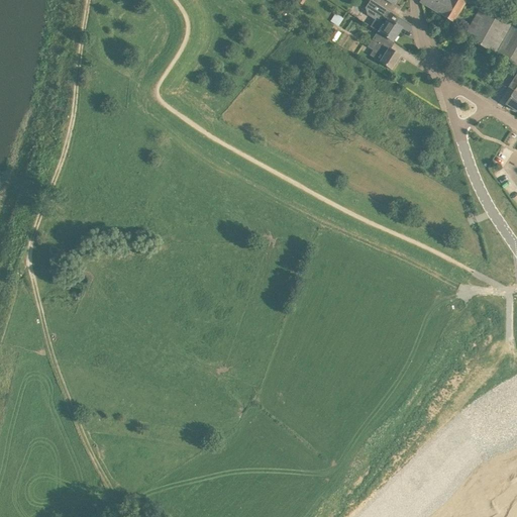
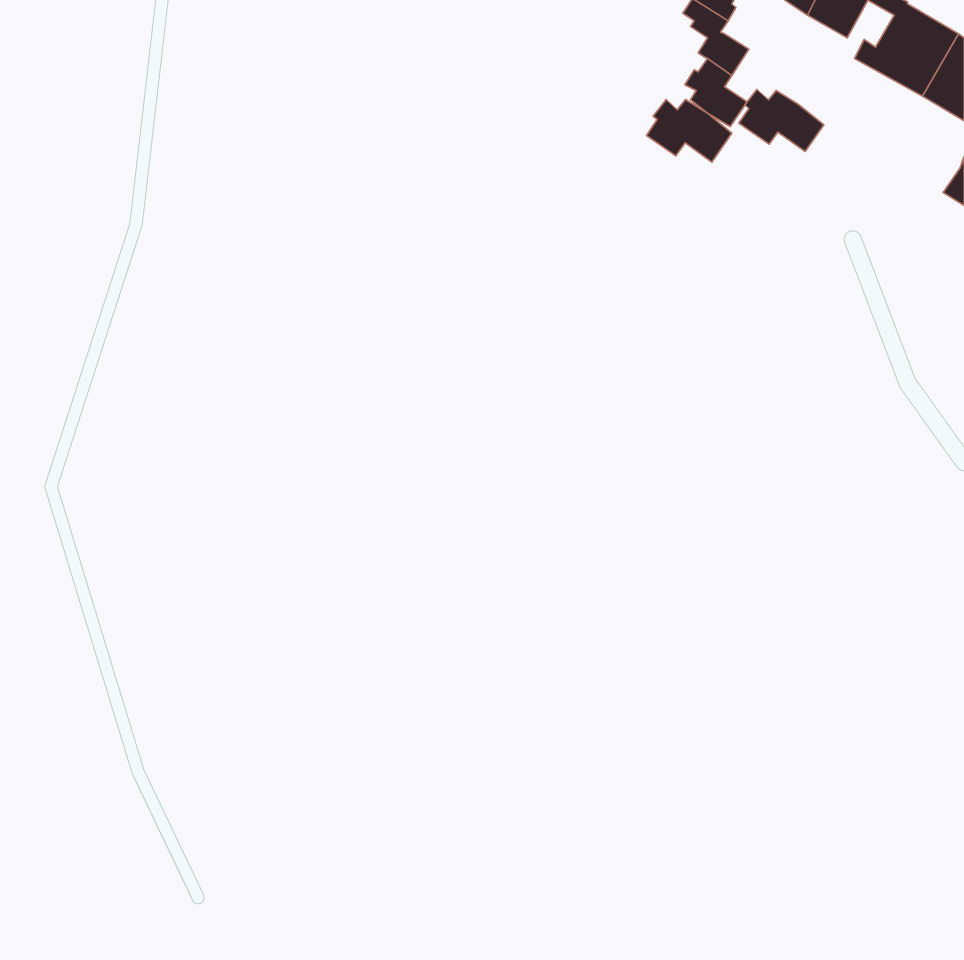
building: none -> [739,89,824,152]
building: none -> [646,99,732,162]

